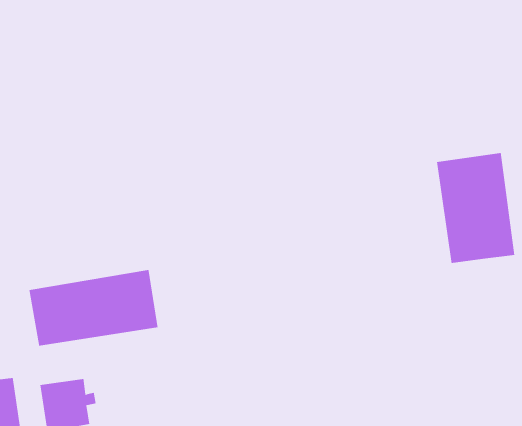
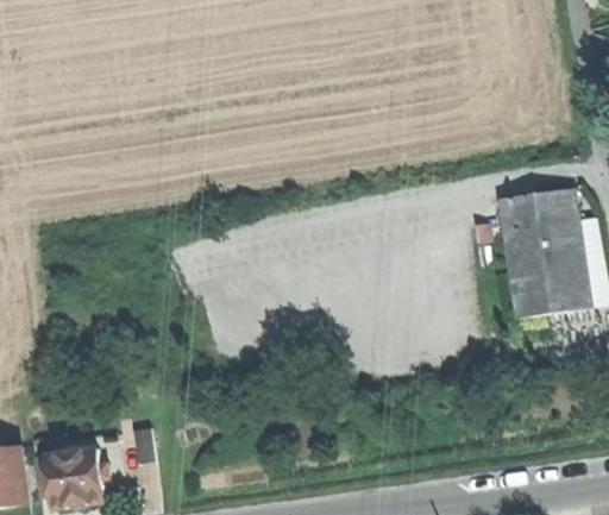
building: [29,269,158,347] -> none

